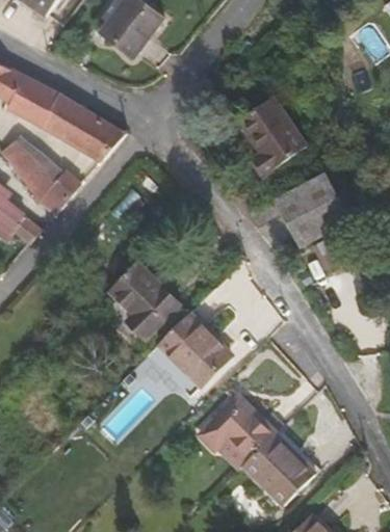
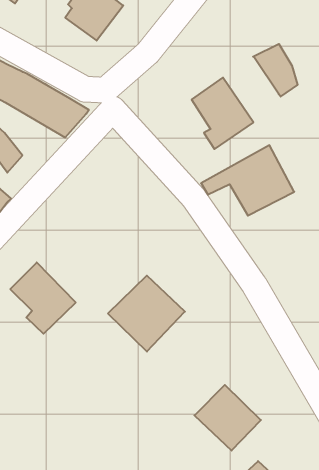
building: none -> [253,44,298,97]
building: [36,169,81,215] -> none
building: [108,260,180,338] -> [10,262,76,334]
building: [198,397,282,469] -> none

